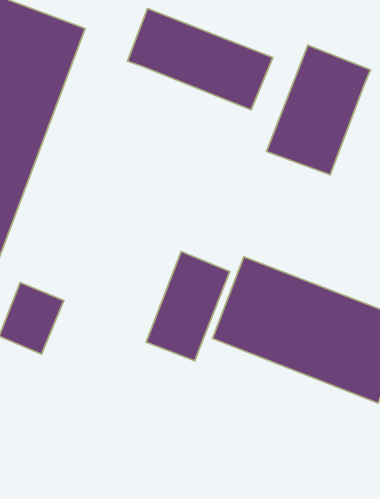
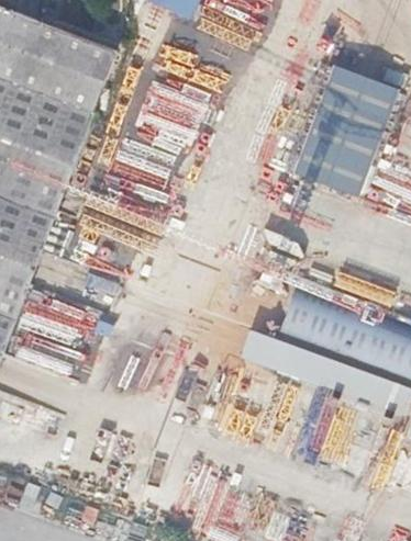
building: [127,9,273,110] -> none
building: [146,252,230,361] -> none

